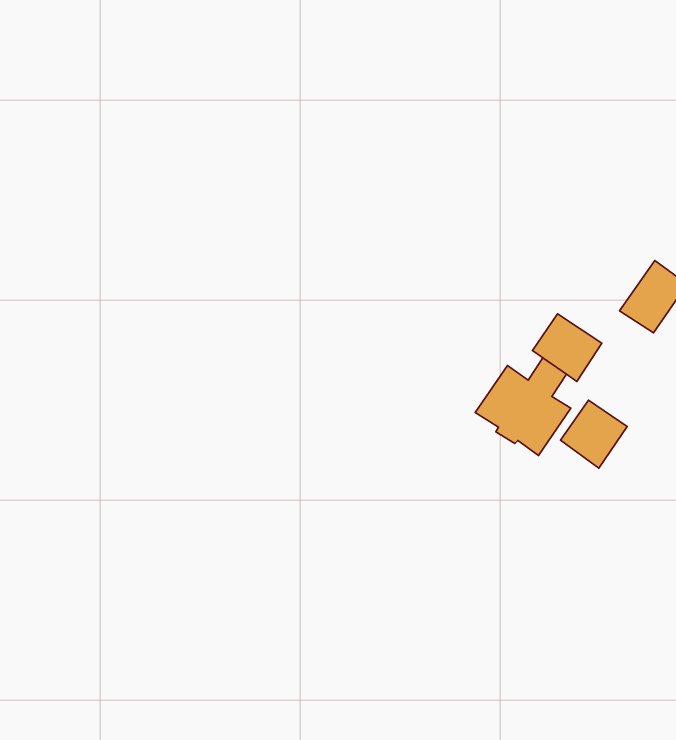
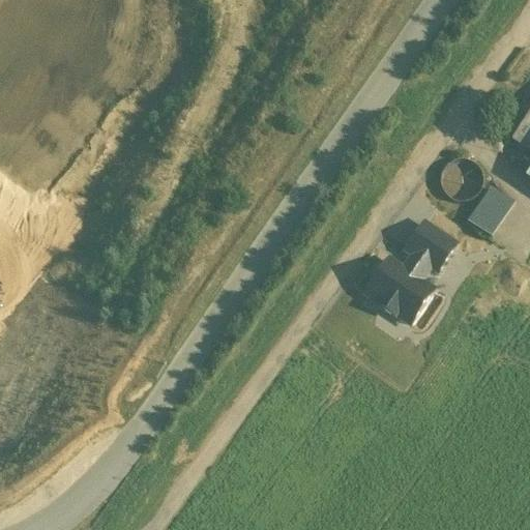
building: none -> [441,157,483,199]
building: [560,400,627,468] -> none

